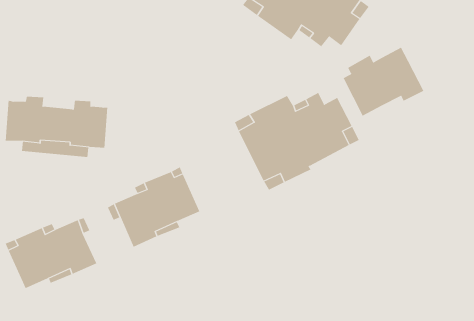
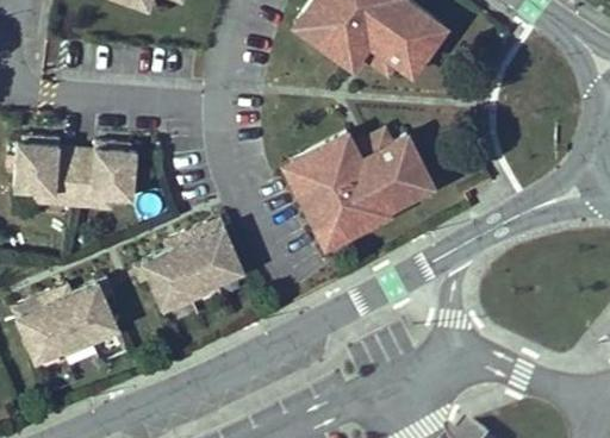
building: [343,47,424,116] -> none

